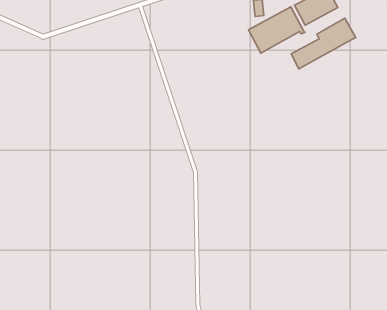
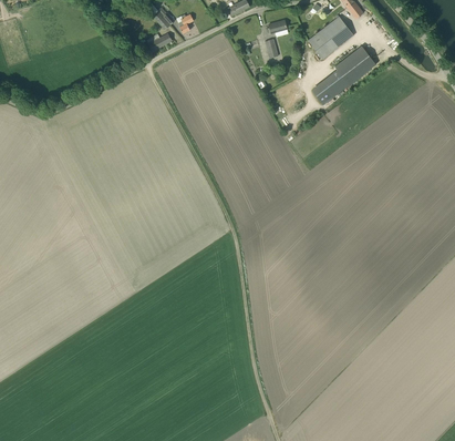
building: [249,7,305,53] -> none

